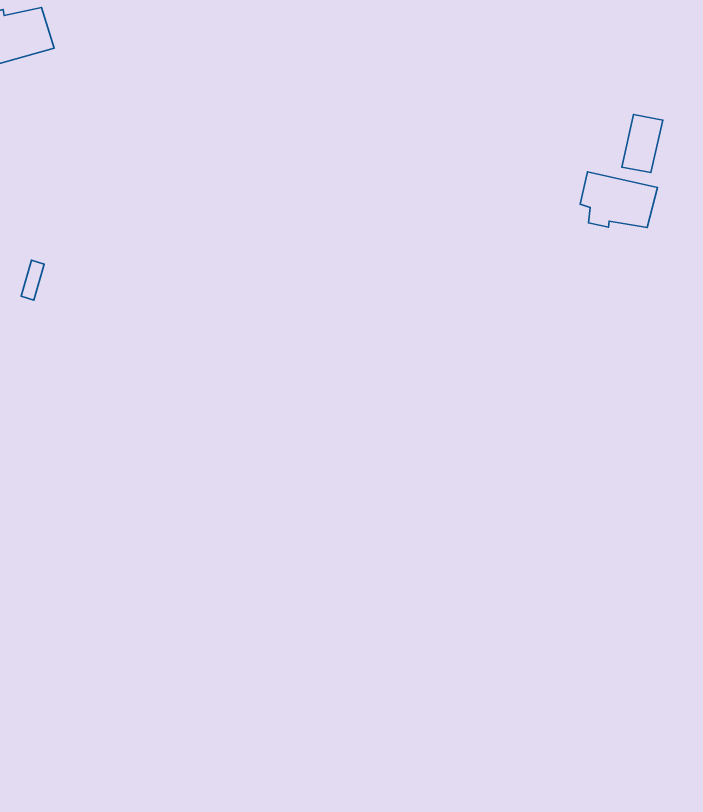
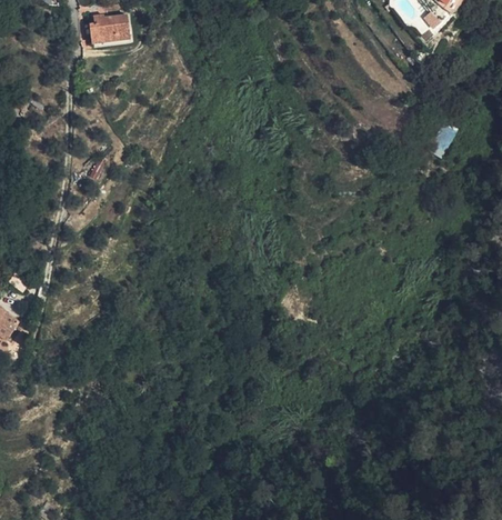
building: [580,172,657,228] -> none

